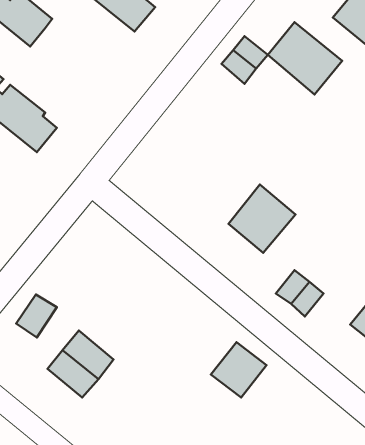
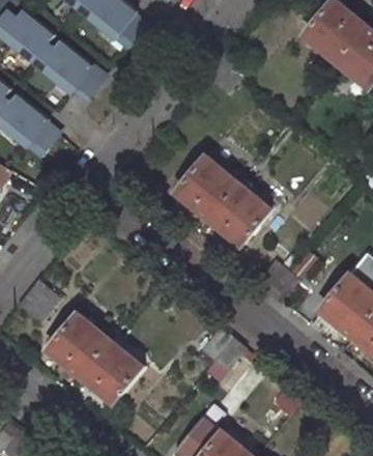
building: [268,22,342,95] -> none
building: none -> [34,41,105,99]
building: none -> [178,159,239,220]
building: none -> [81,341,141,402]

